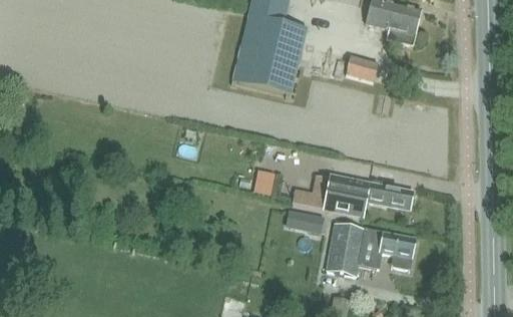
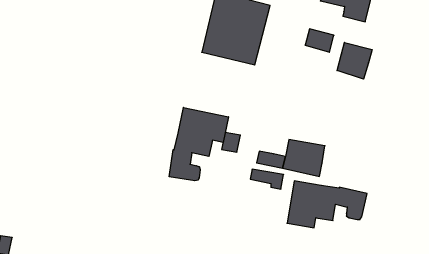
building: none -> [337,42,372,79]
building: none -> [169,107,228,181]
building: [366,185,414,211] -> none

